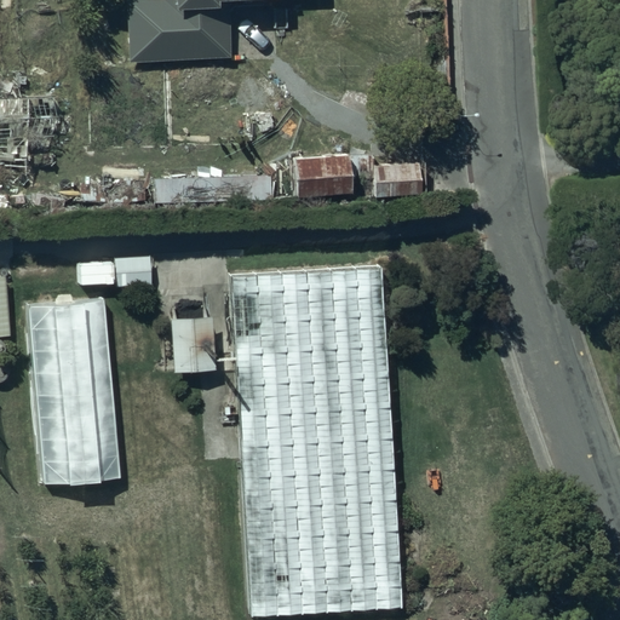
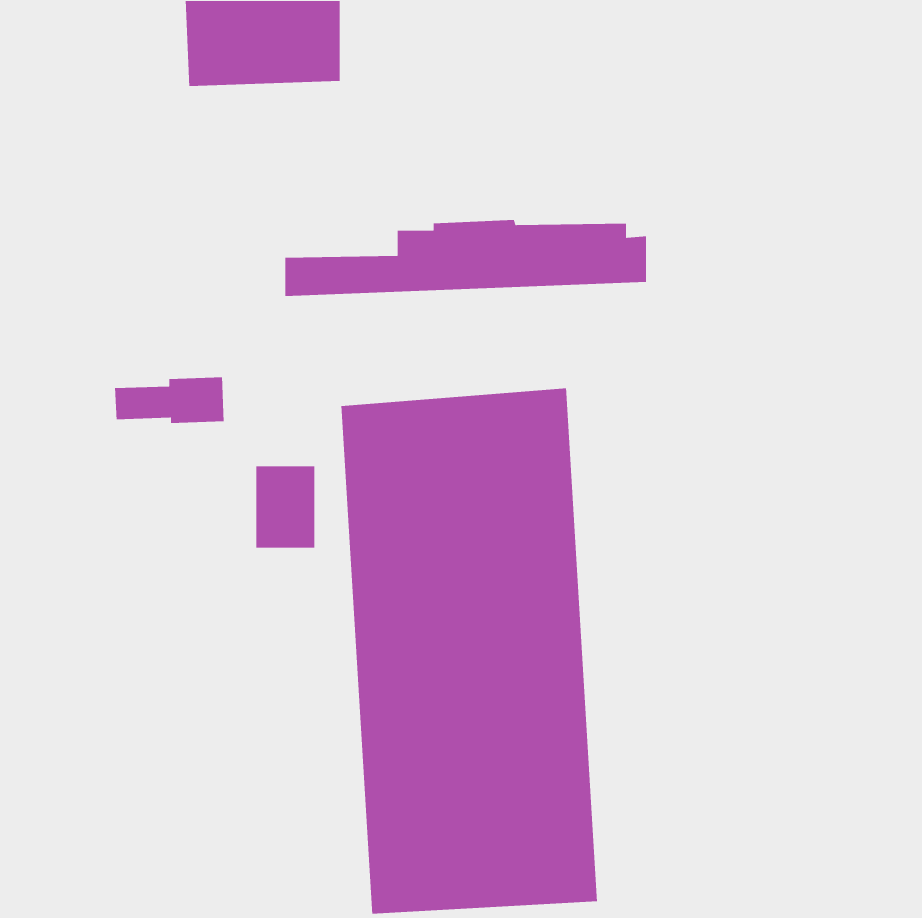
building: [28,299,120,486] -> none

